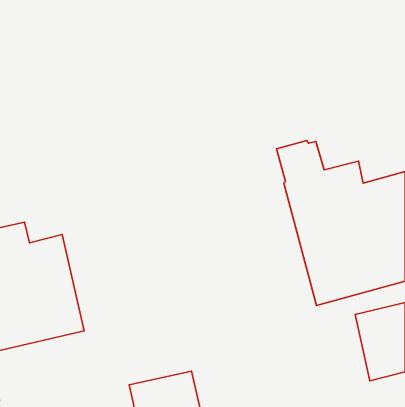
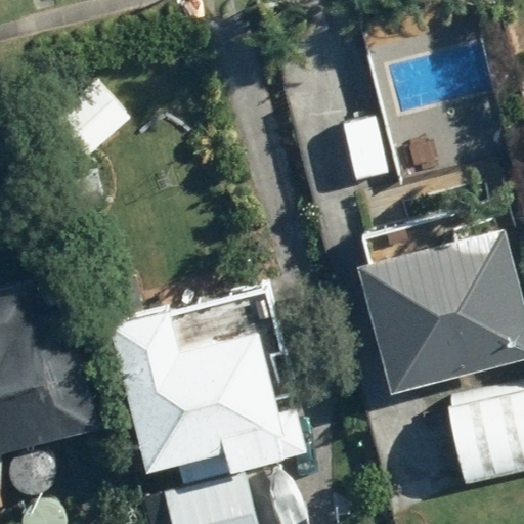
building: none -> [120,310,300,470]

